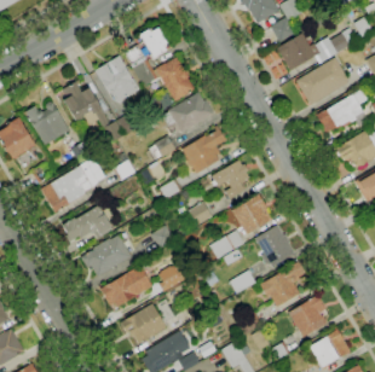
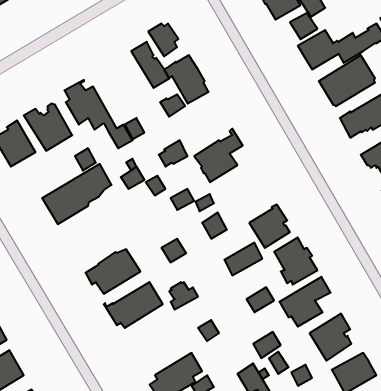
building: [94,56,139,103] -> none
building: [162,92,213,135] -> none
building: [212,159,249,199] -> none
building: [62,205,111,242] -> none
building: [120,304,167,344] -> none

